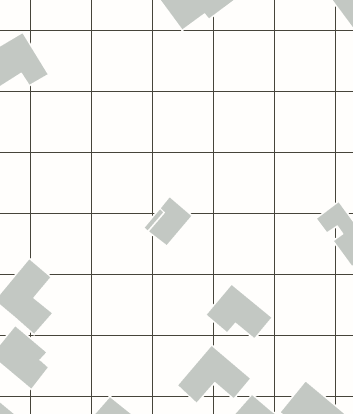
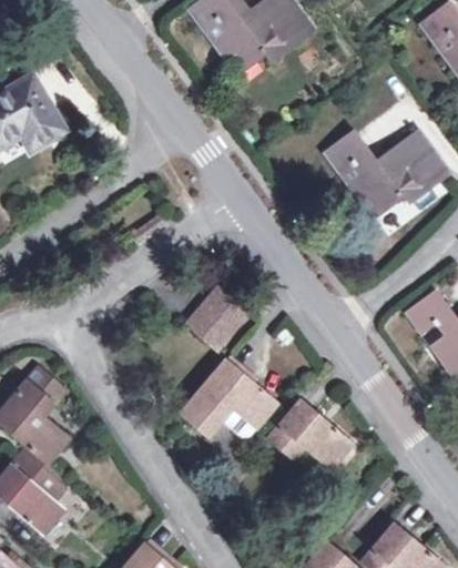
building: none -> [325,132,446,216]
building: [177,345,251,403] -> [182,359,277,435]

